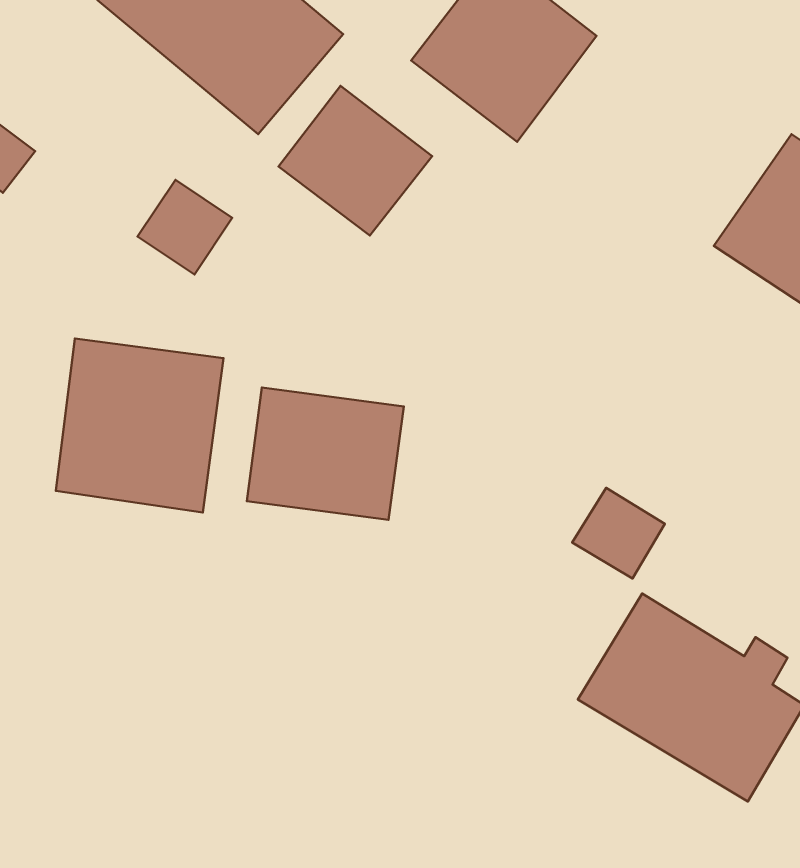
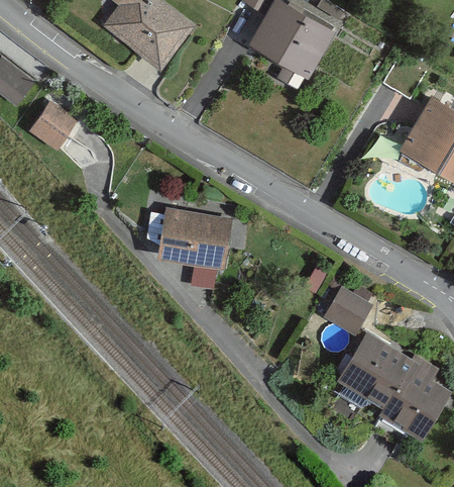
building: [278,86,432,236] -> none
building: [138,180,232,274] -> [33,108,84,159]
building: [56,338,223,512] -> none

